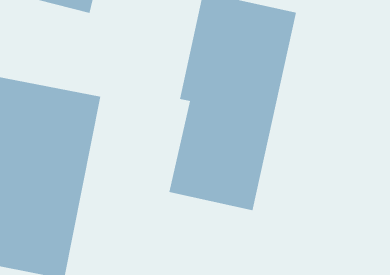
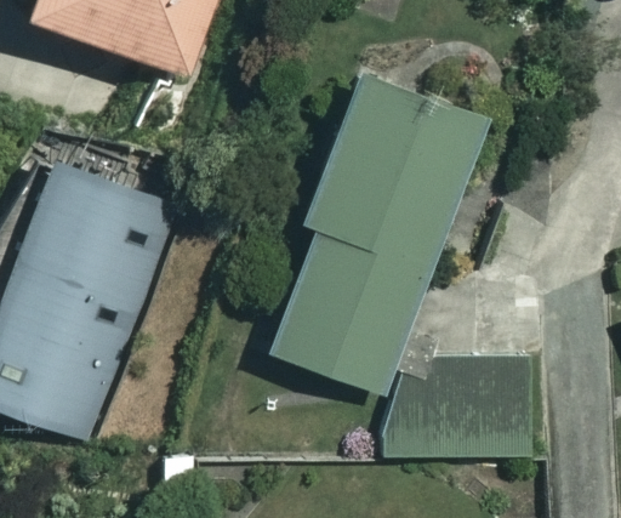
building: none -> [384,355,530,463]

